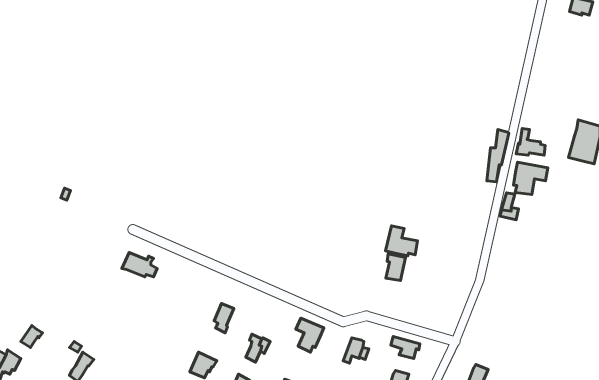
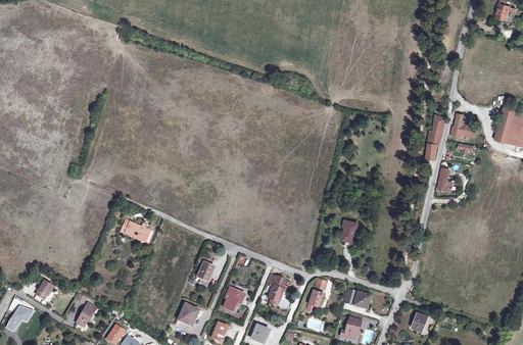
building: [513,162,548,195] -> none
building: [386,226,417,256] -> none

